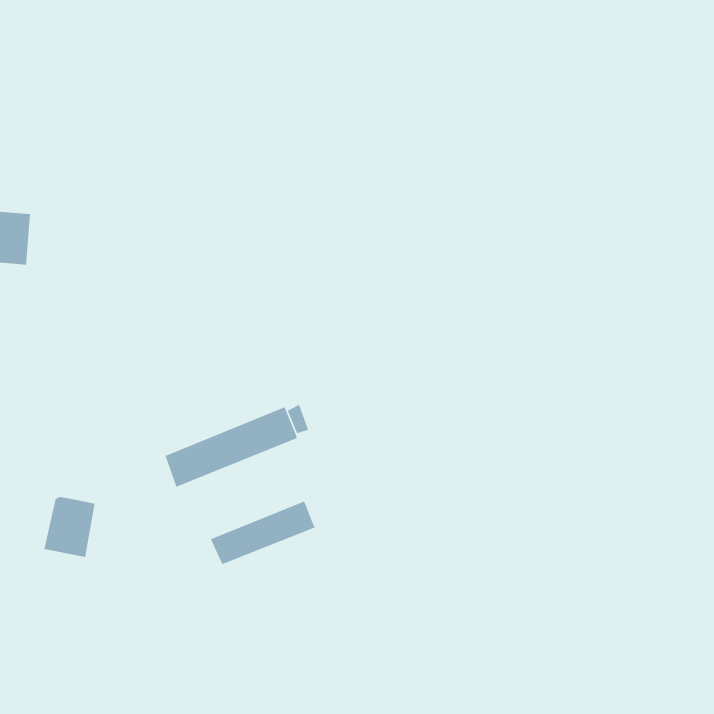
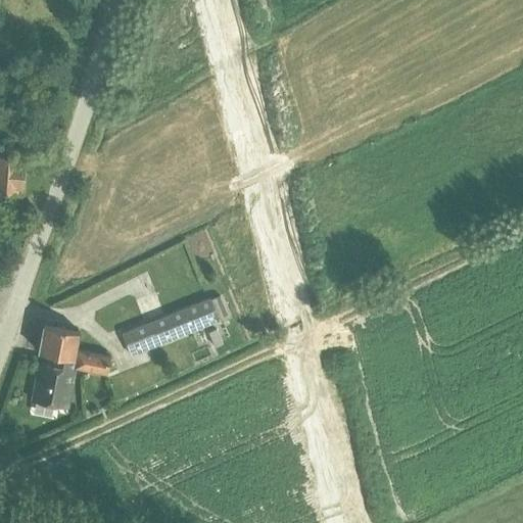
building: none -> [37,326,108,376]
building: [210,501,316,565] -> none

